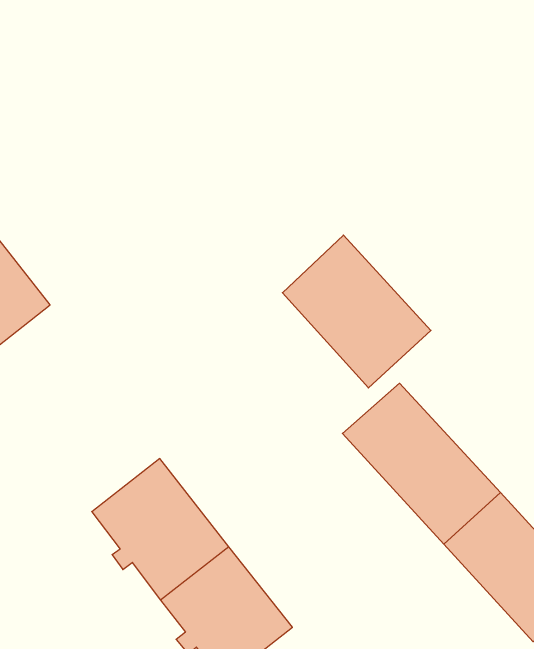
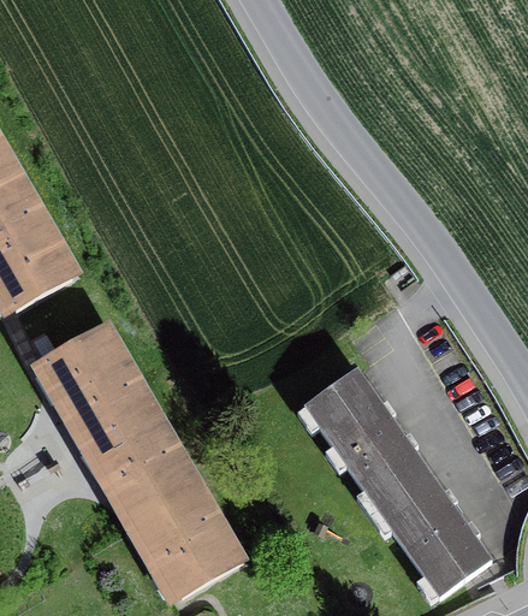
building: [282,235,431,388] -> none
building: none -> [45,326,154,443]

